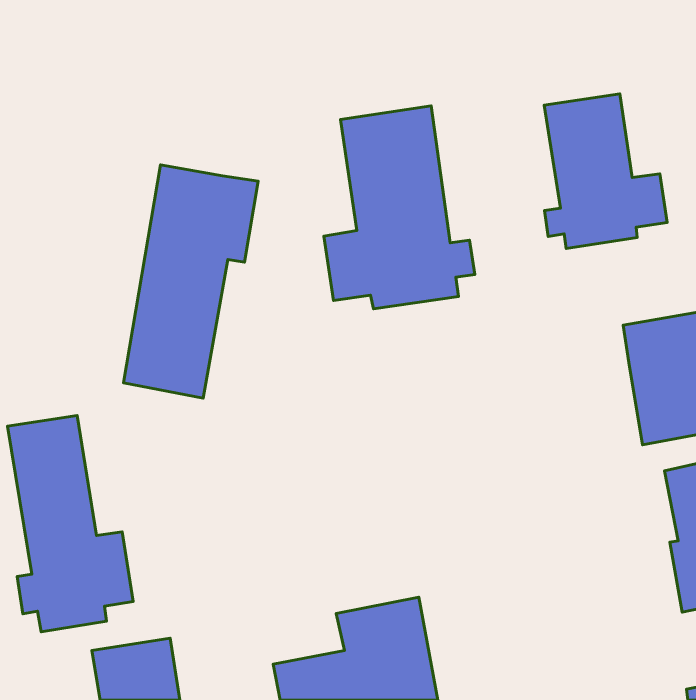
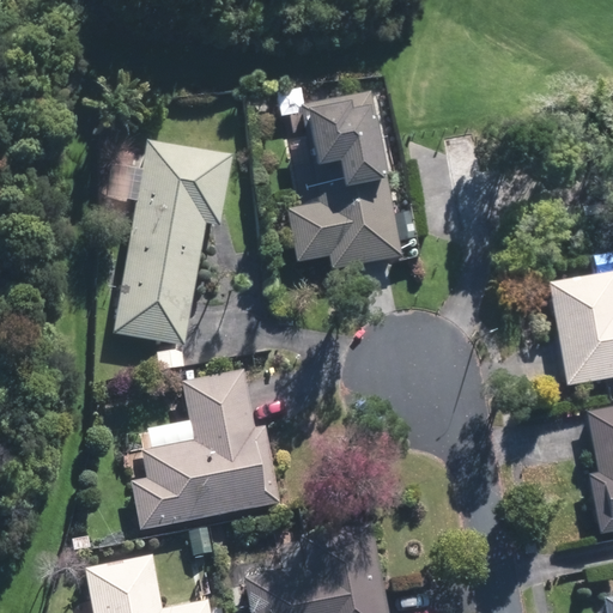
building: [544,94,667,248] -> none
building: [7,415,133,632] -> none
building: none -> [132,372,299,530]

